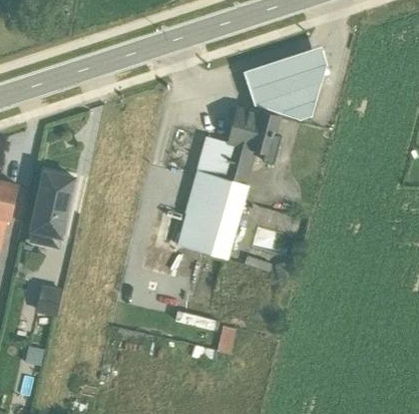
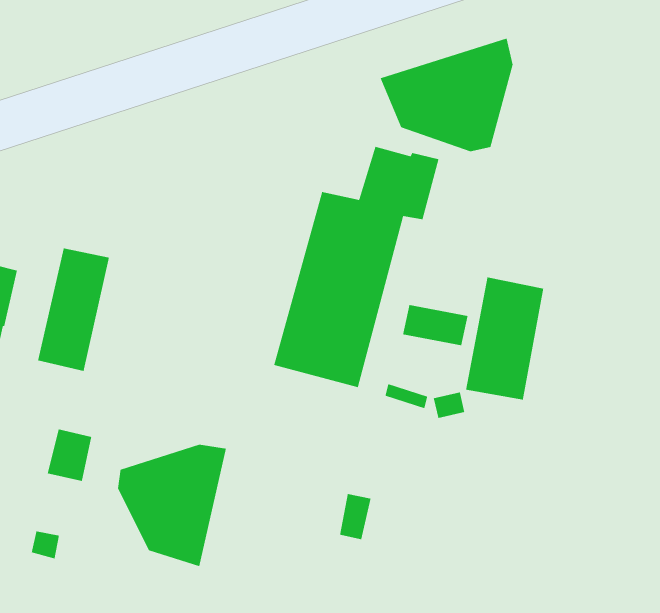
building: none -> [465,276,544,400]
building: none -> [117,444,227,567]

